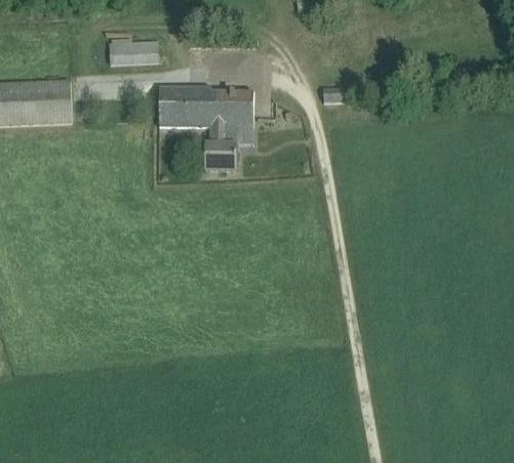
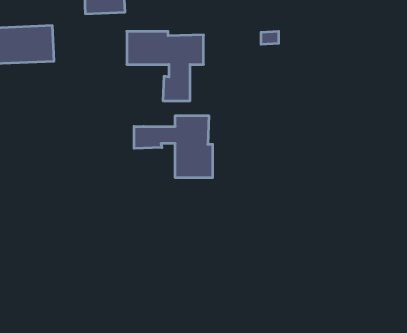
building: none -> [134,116,213,178]

